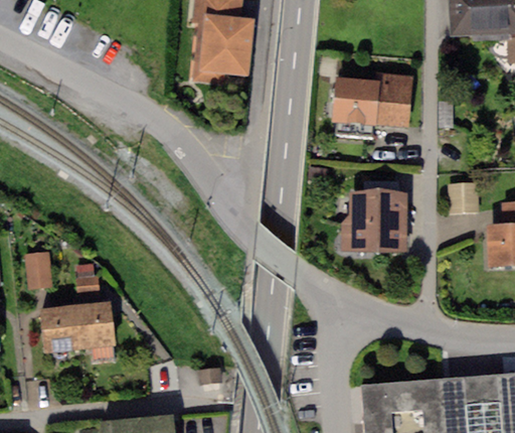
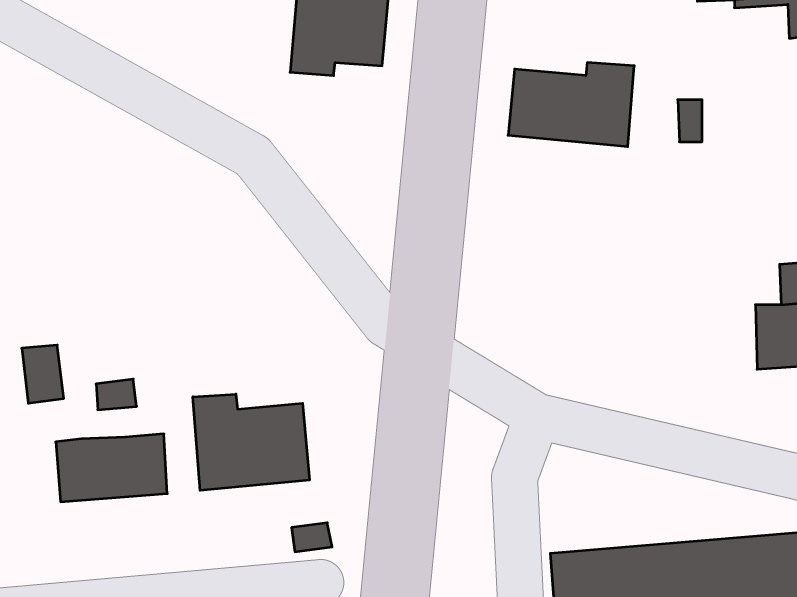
building: [448,182,479,212] -> none
building: [339,190,409,253] -> none
building: none -> [193,394,309,490]

